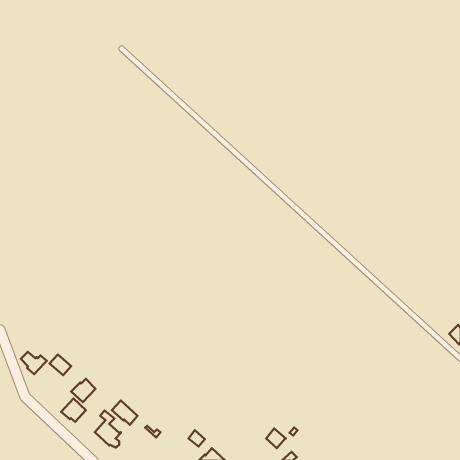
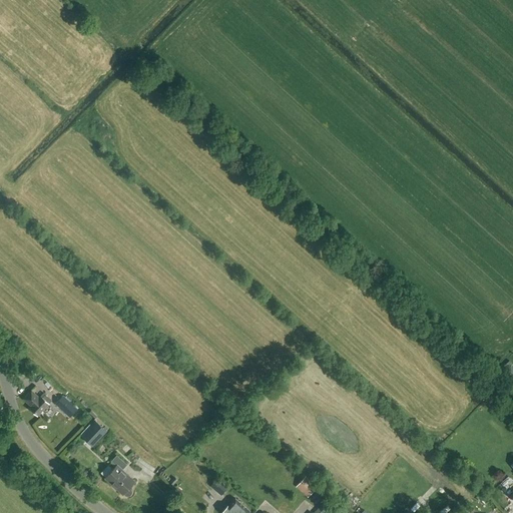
building: [61,399,86,422] -> none
building: [112,400,137,425] -> none

